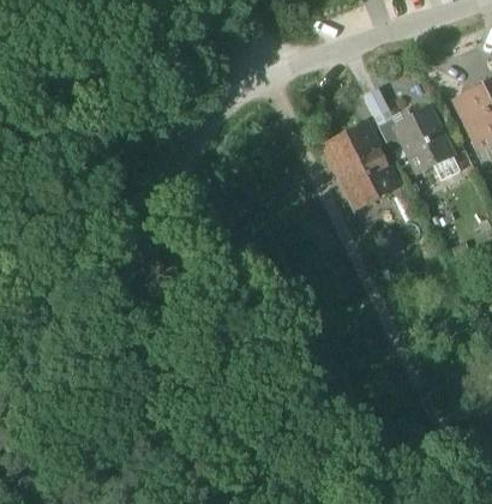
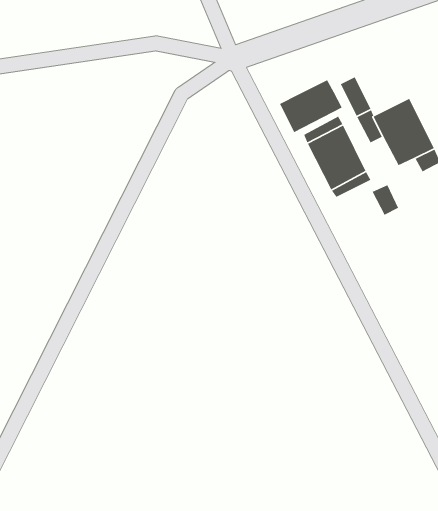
building: none -> [279,79,343,133]

